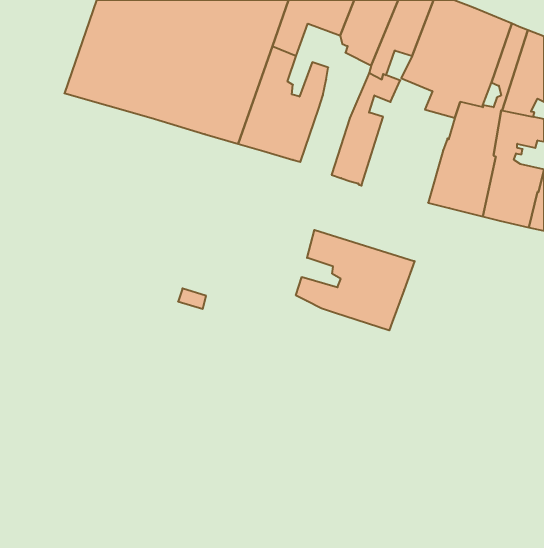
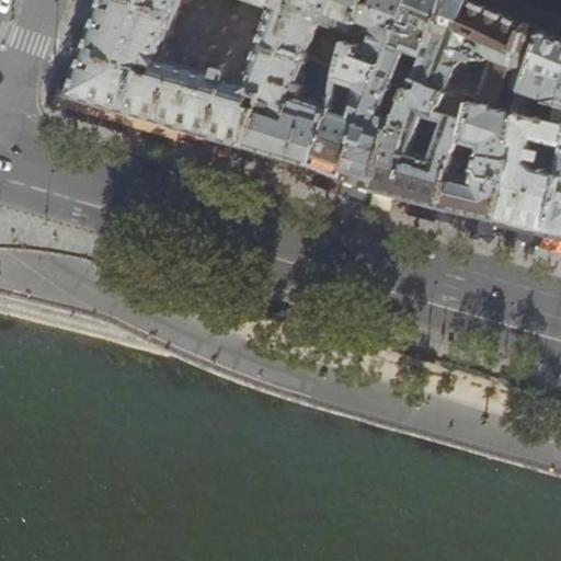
building: none -> [307,43,379,179]
building: none -> [369,80,465,207]
building: [296,230,415,330] -> none

